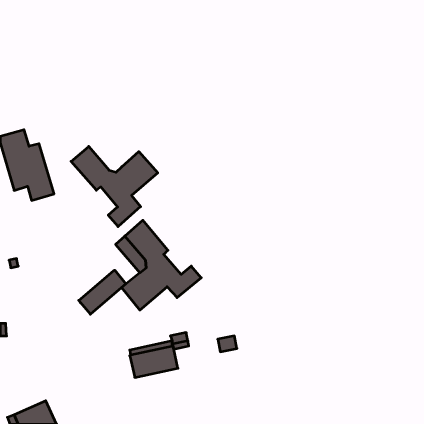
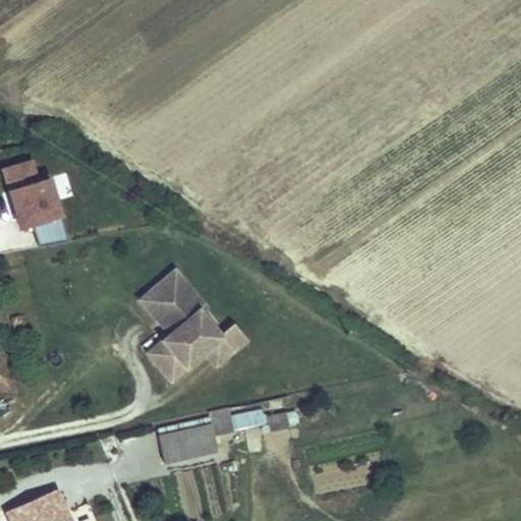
building: [71,146,158,227] -> none
building: [79,270,126,314] -> none

